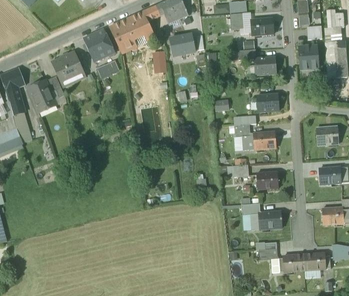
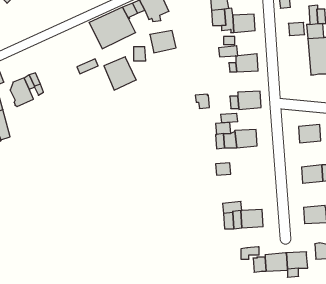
building: [83,28,115,61] -> [104,57,136,90]
building: [299,45,318,68] -> none
building: [52,51,85,85] -> none
building: [256,171,279,189] -> none

